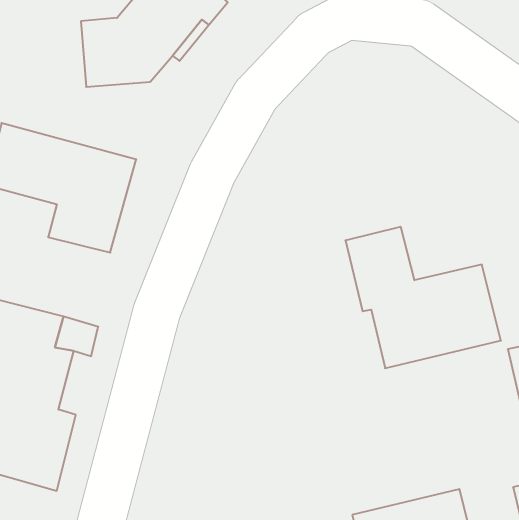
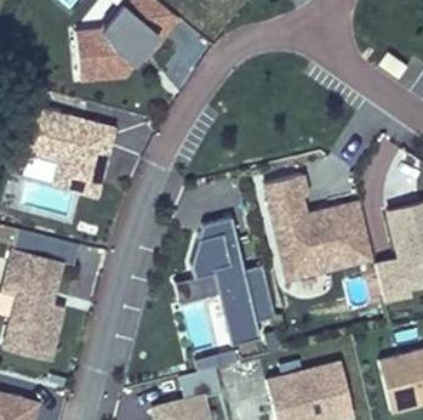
building: none -> [190,223,275,350]

